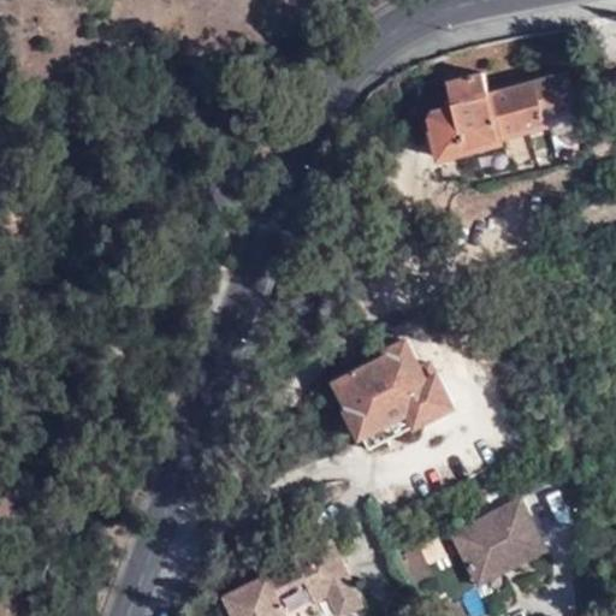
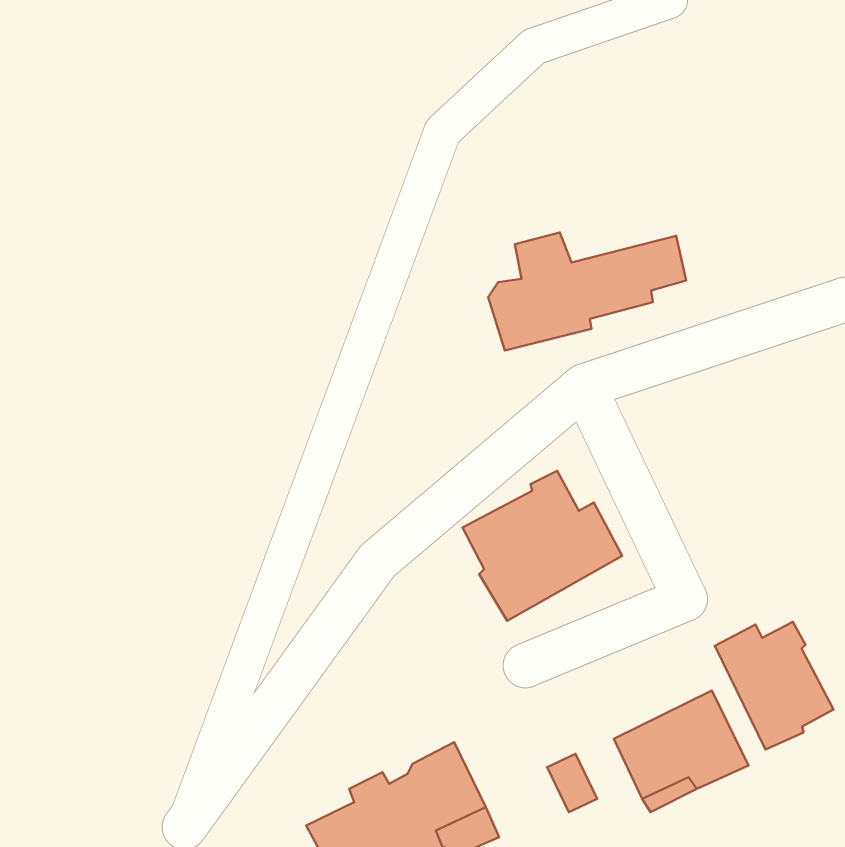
building: [426,73,569,159] -> [488,232,686,351]
building: none -> [715,622,834,750]

